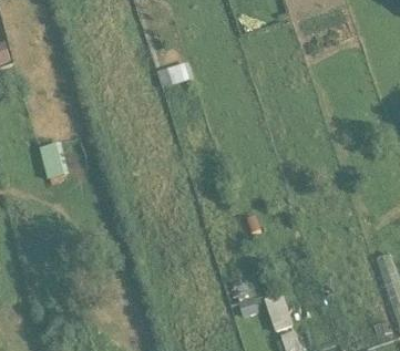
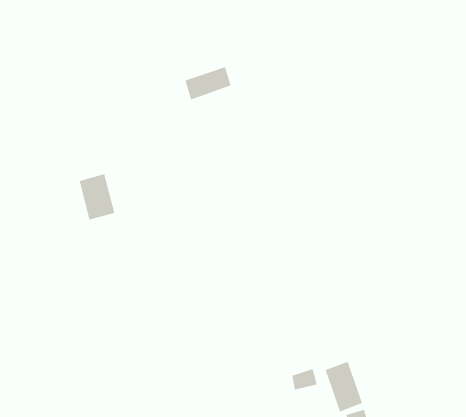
building: [39,140,66,175] -> [79,174,115,220]

